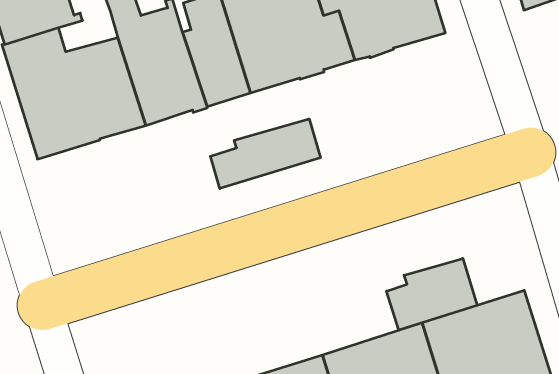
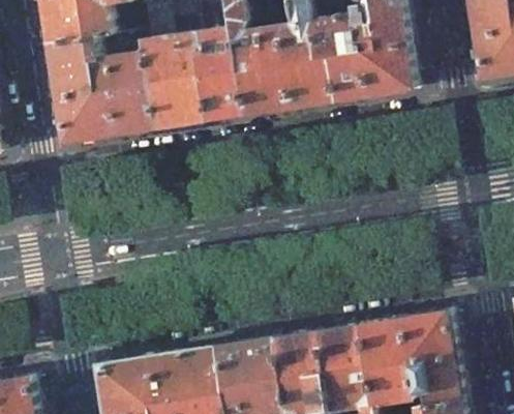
building: [210,119,320,189] -> none
building: [387,258,477,330] -> none

